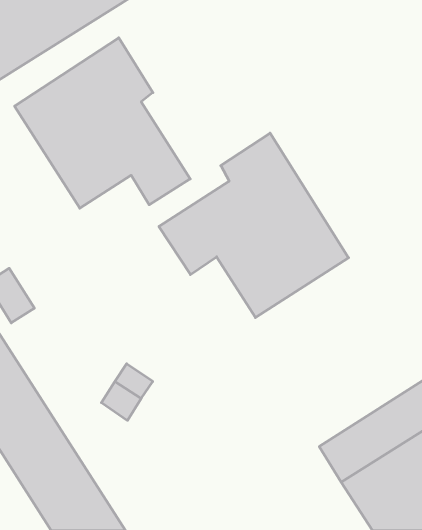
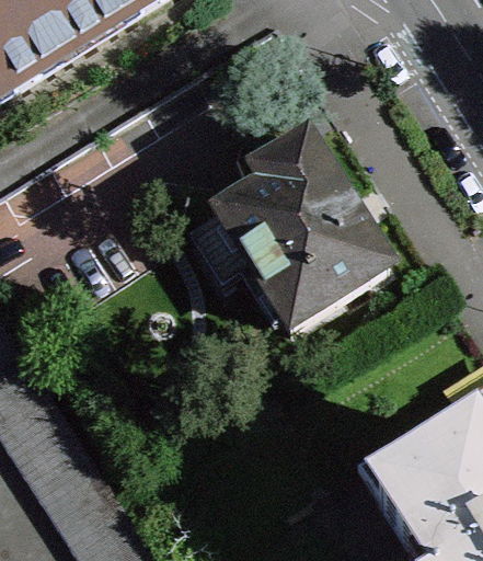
building: [15,38,190,208] -> none

